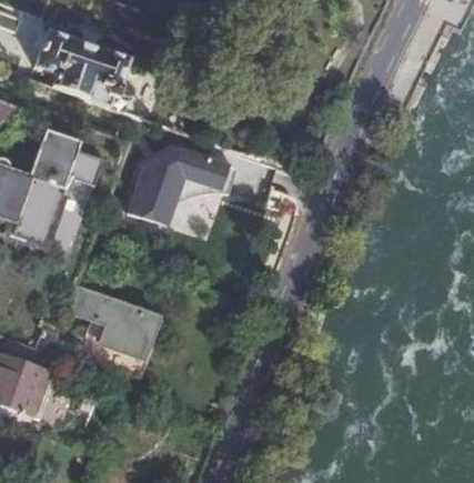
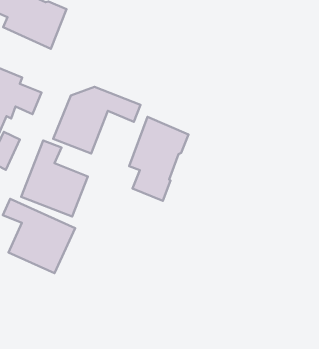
building: none -> [129,117,189,201]
building: none -> [21,140,88,217]

